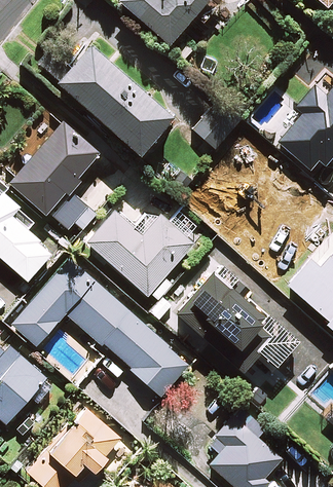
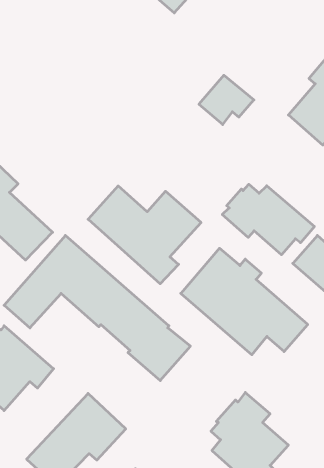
building: [40,46,175,156] -> none
building: [12,122,102,232] -> none
building: none -> [222,184,314,255]

